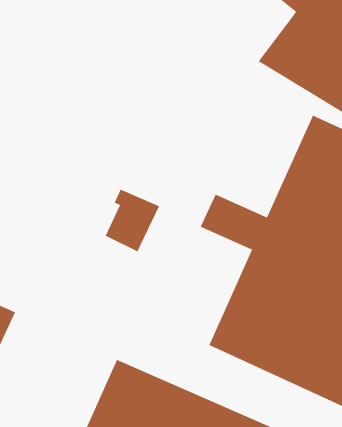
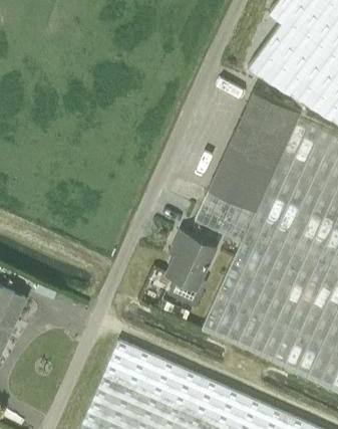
building: none -> [209,90,301,210]
building: [105,189,160,252] -> [166,230,217,288]

